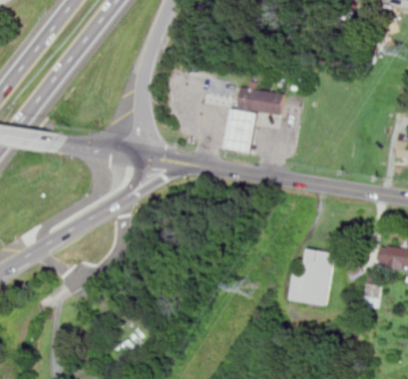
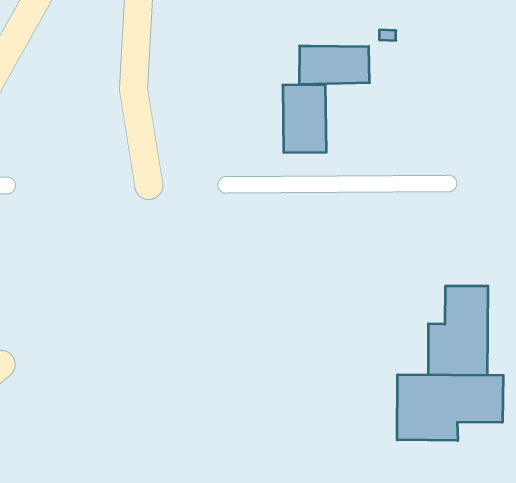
building: none -> [397,375,503,441]

